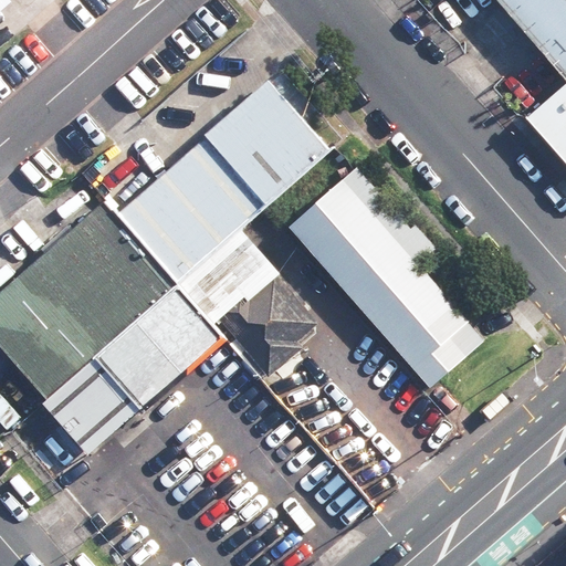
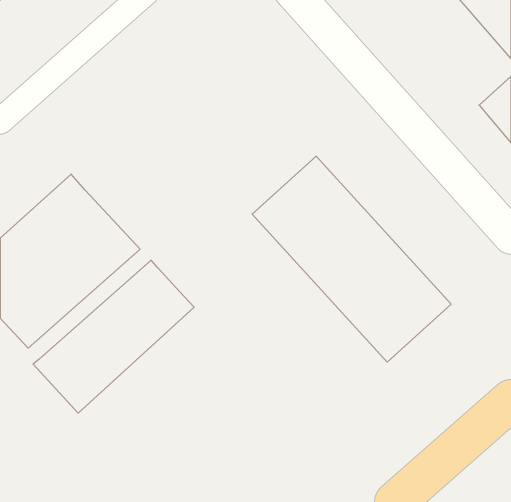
building: [111,70,337,289] -> none
building: [201,263,324,387] -> none

